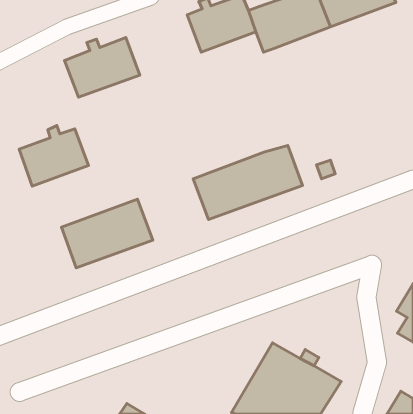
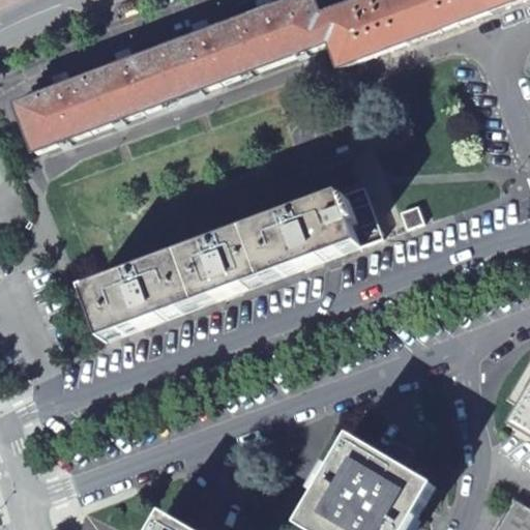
building: none -> [159,19,255,95]
building: [19,126,89,186] -> [11,72,99,149]
building: none -> [174,227,264,304]

